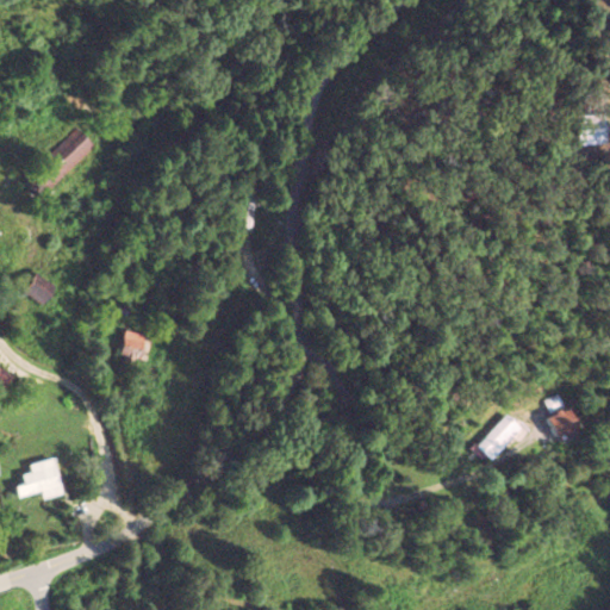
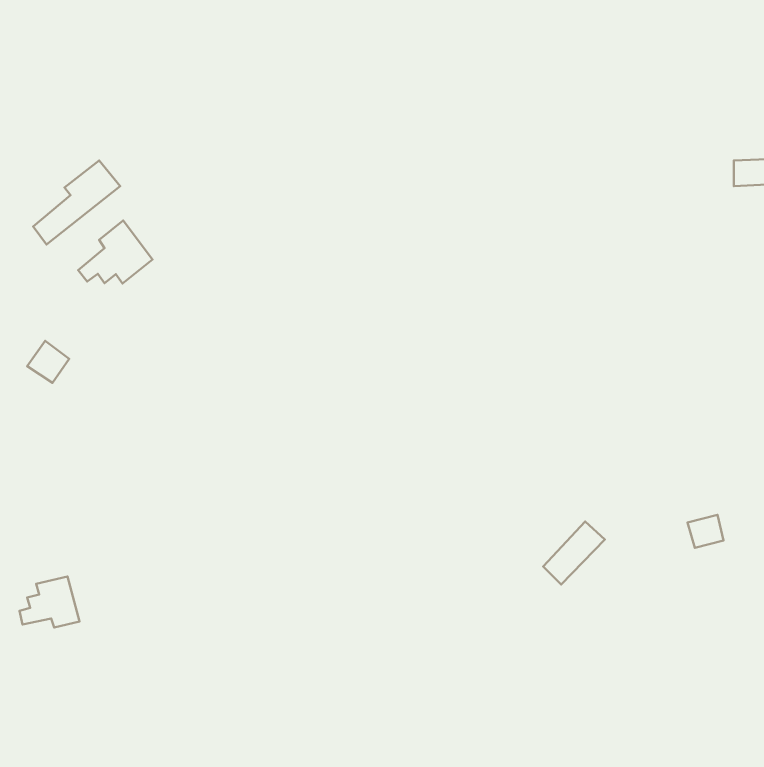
building: none -> [78,220,153,283]
building: [120,329,145,361] -> none
building: [475,411,524,461] -> [543,521,605,585]

